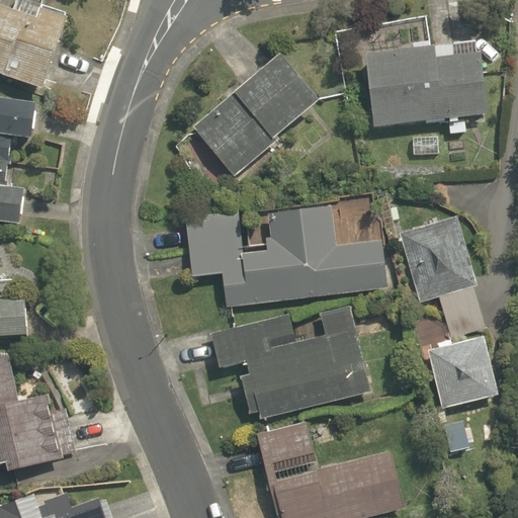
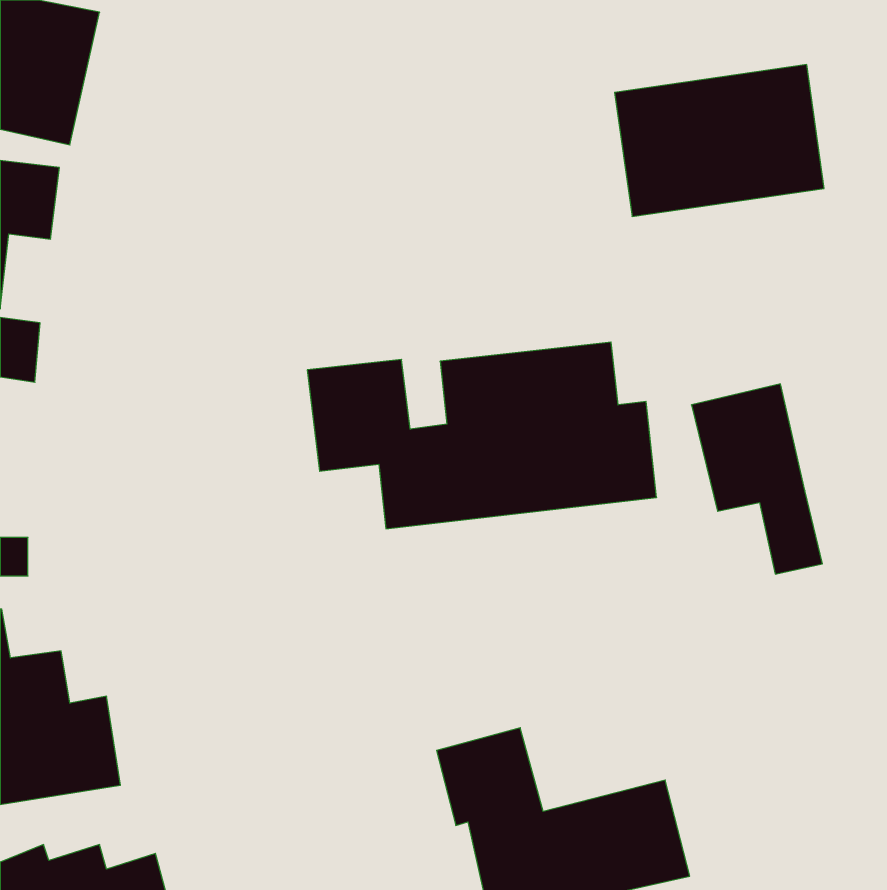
building: [190,55,314,175] -> none
building: [208,303,371,425] -> none
building: [428,334,495,407] -> none

